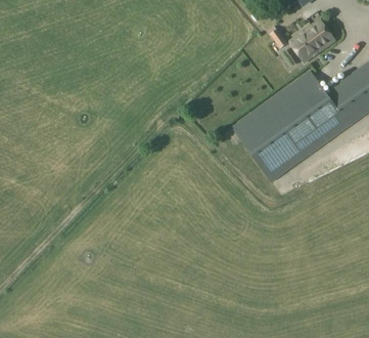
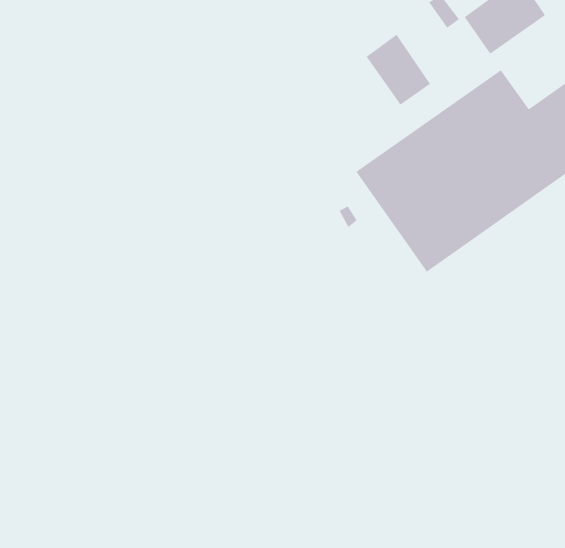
building: none -> [366,34,431,106]

